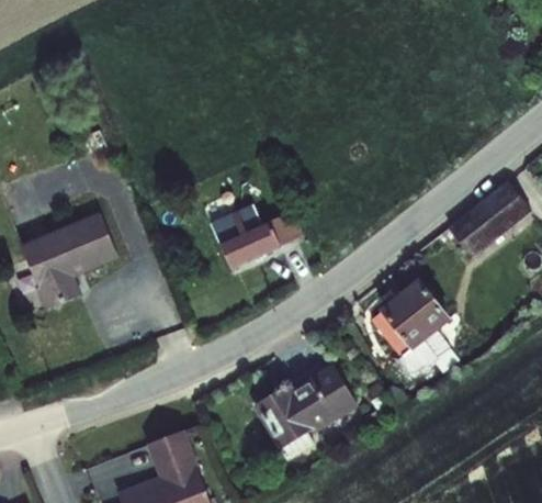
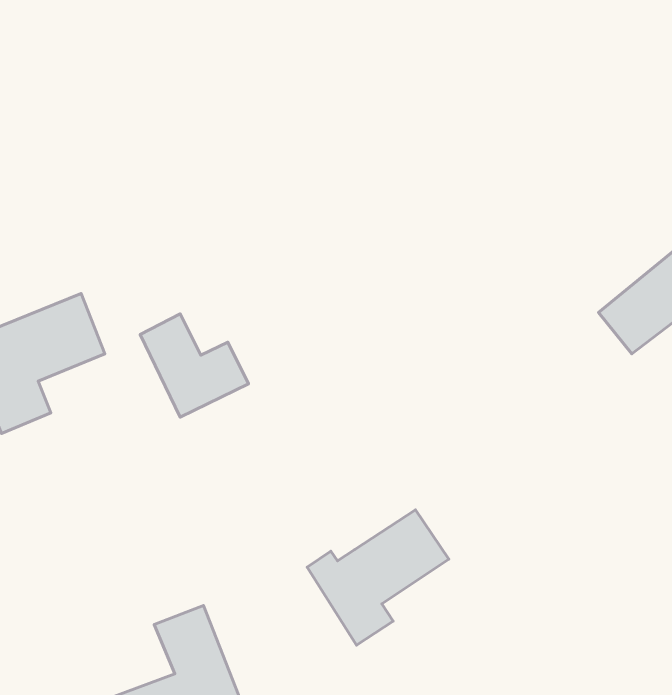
building: [207,198,282,269] -> [140,314,249,417]
building: [370,278,449,369] -> none

